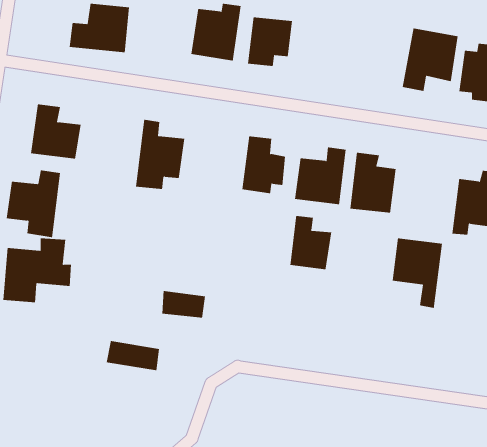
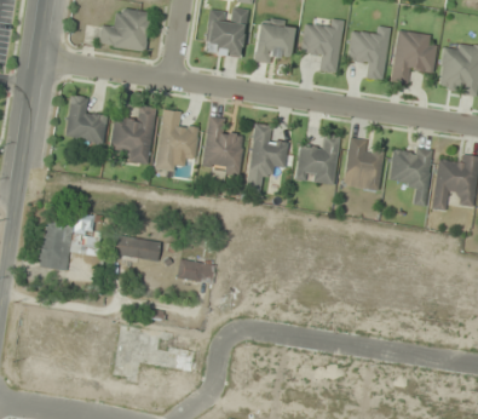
building: none -> [300,18,342,73]
building: none -> [346,27,390,80]
building: none -> [200,116,243,174]
building: [6,170,61,238] -> [108,105,156,165]
building: [290,215,332,270] -> none
building: [392,238,443,308] -> [388,145,433,207]
building: [106,340,160,371] -> [113,235,160,262]

